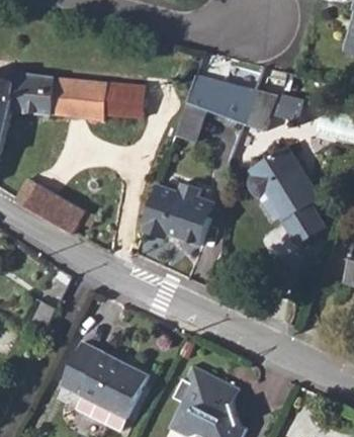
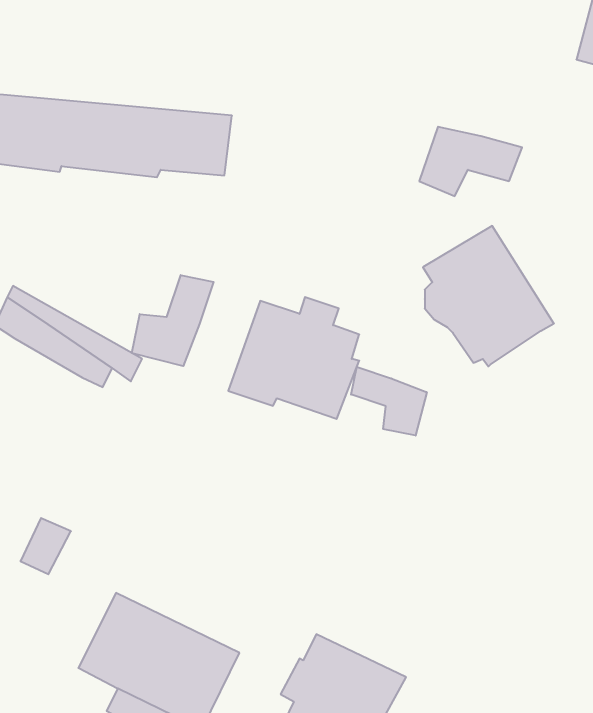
building: [174,71,256,147] -> none
building: none -> [132,275,214,366]
building: [284,201,325,240] -> none
building: none -> [351,367,427,436]

